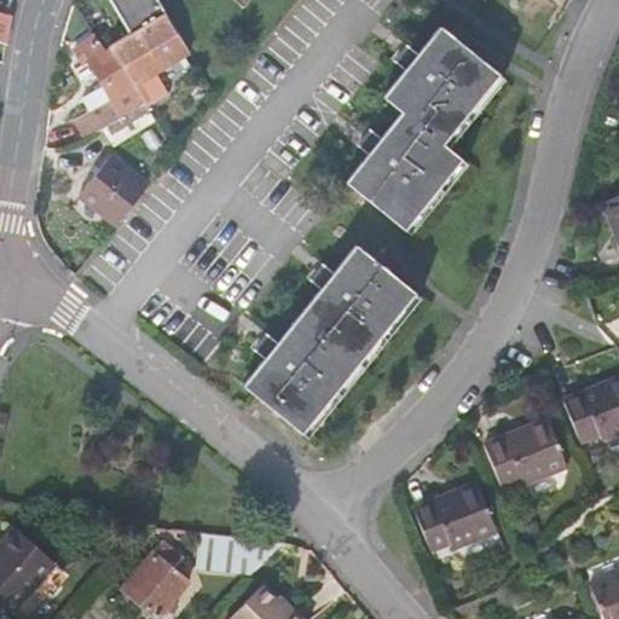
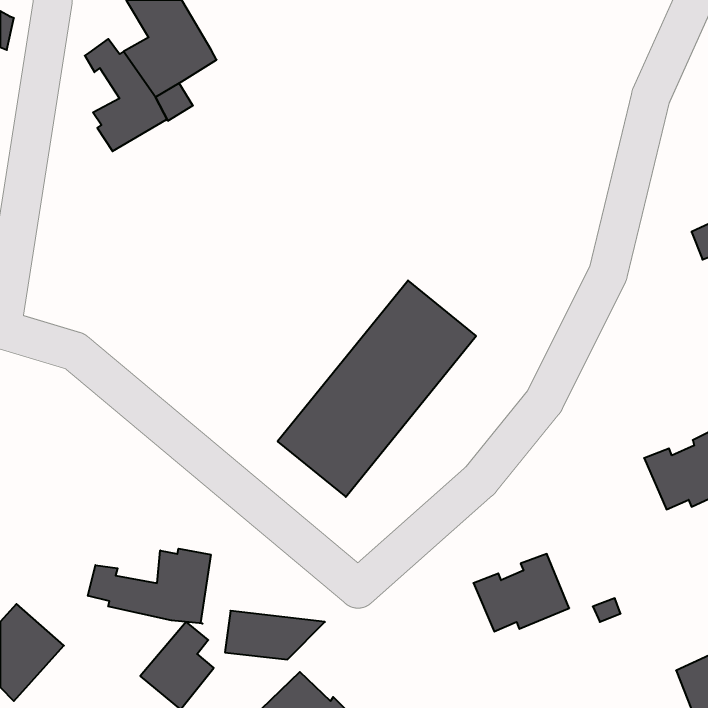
building: [346,27,501,231] -> none
building: [80,156,149,226] -> none
building: [485,420,567,487] -> none
building: none -> [88,549,211,624]

